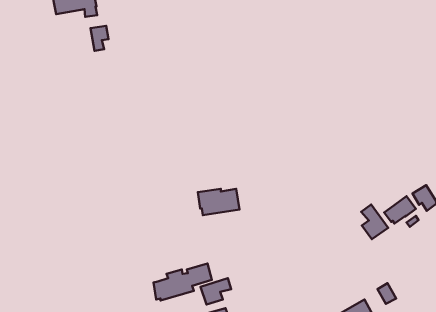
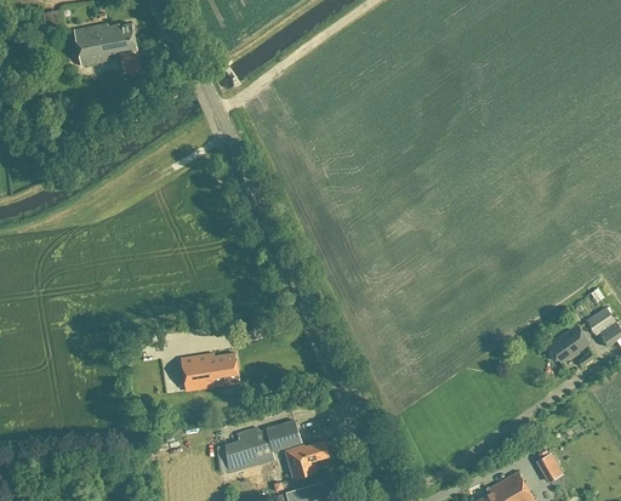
building: [91,26,108,51] -> none
building: [198,189,240,215] -> [181,353,240,391]
building: [361,205,388,239] -> none

